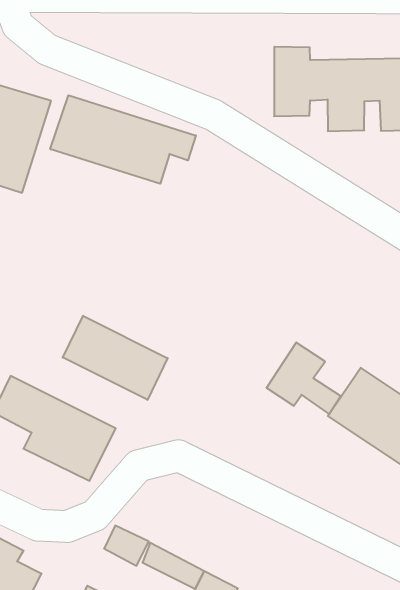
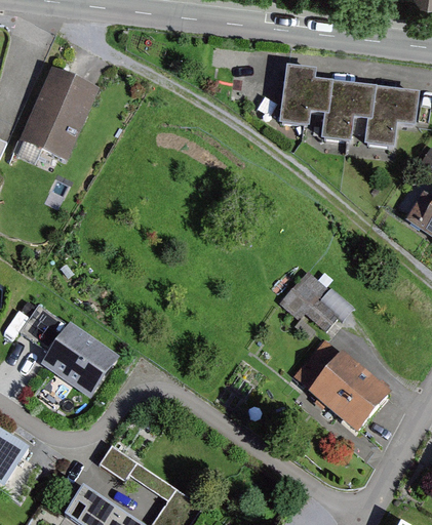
building: [50,95,196,184] -> none
building: [63,316,168,400] -> none
building: [266,342,341,414] -> [278,268,338,329]

